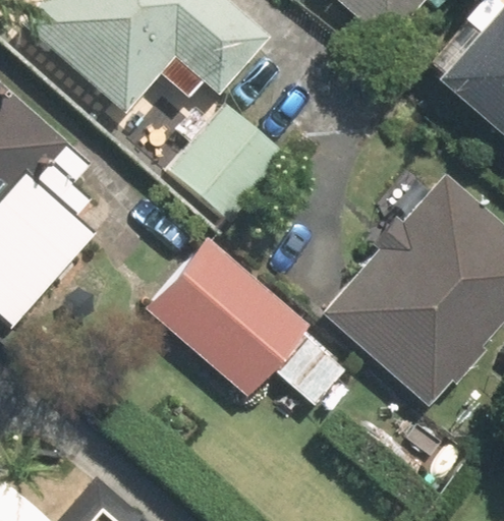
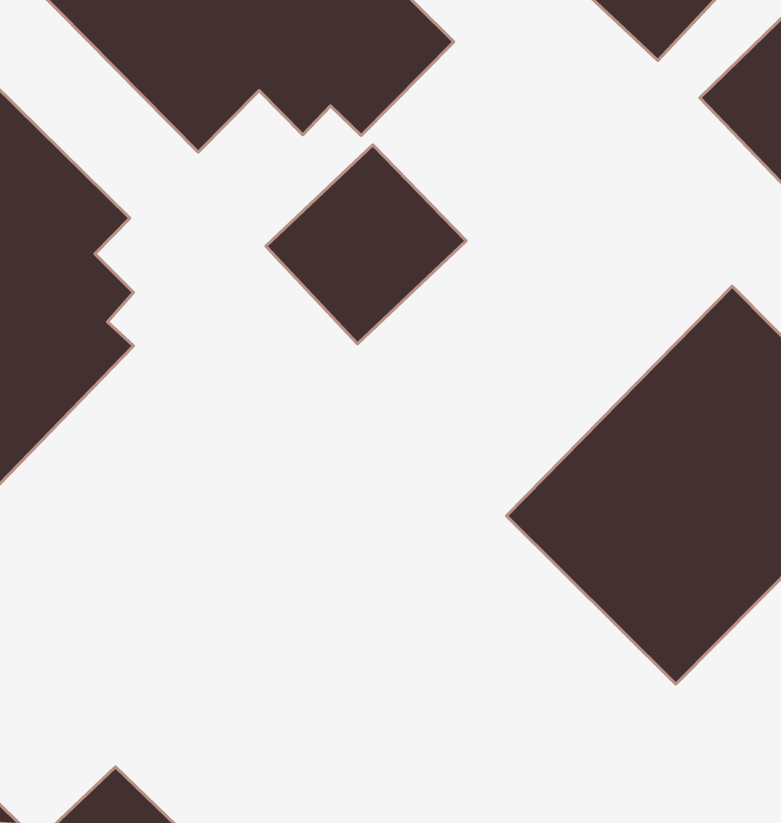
building: [143,236,350,406] -> none

